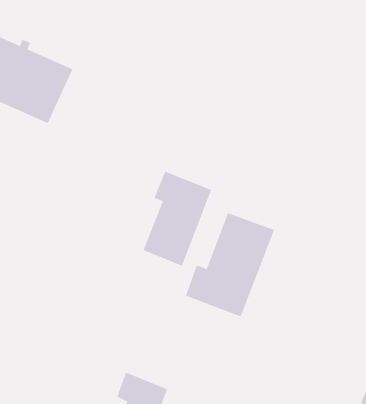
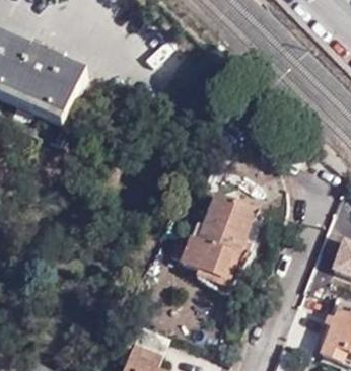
building: [143,171,212,267] -> none

